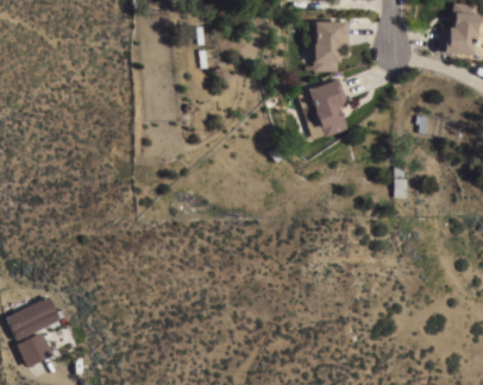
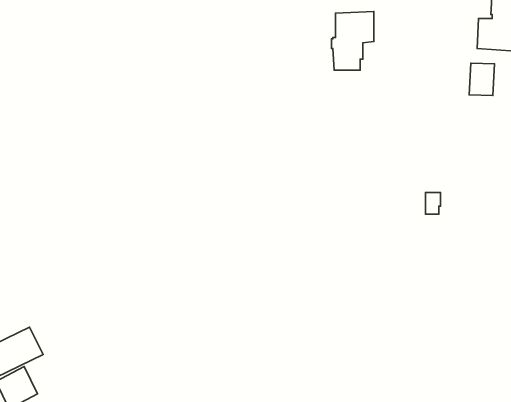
building: none -> [469,63,495,96]
building: [303,77,349,137] -> none

